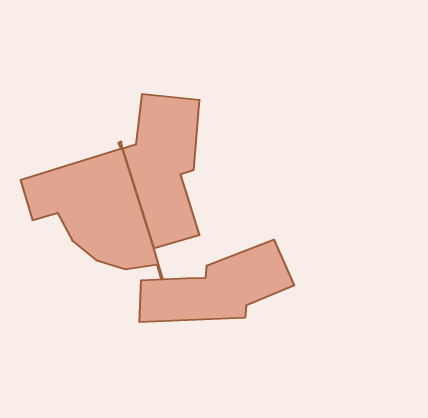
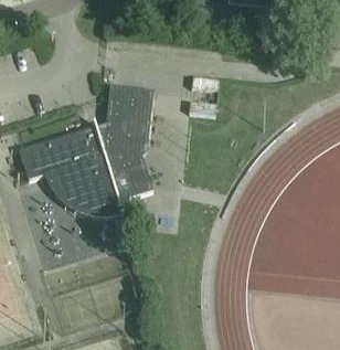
building: [139,240,294,322] -> none

